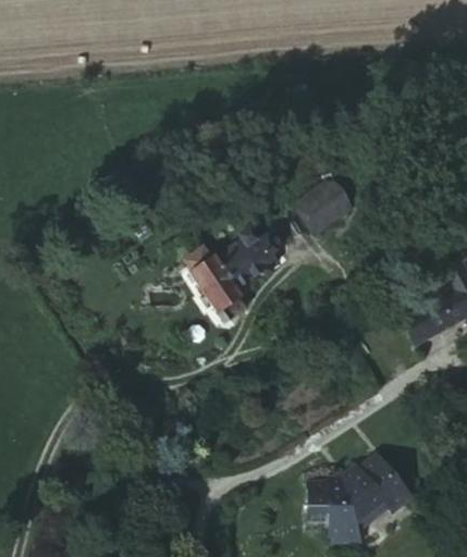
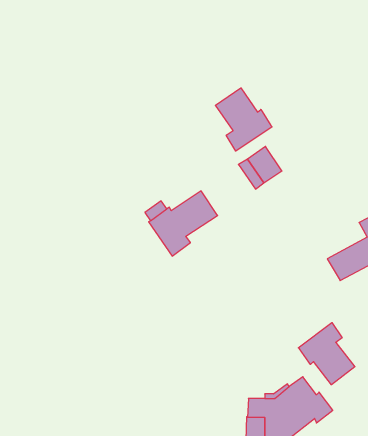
building: none -> [215,88,272,151]
building: none -> [298,323,355,385]

